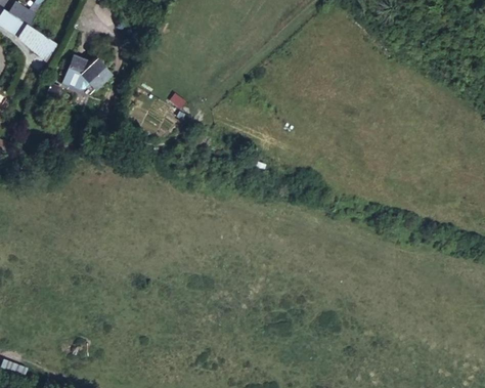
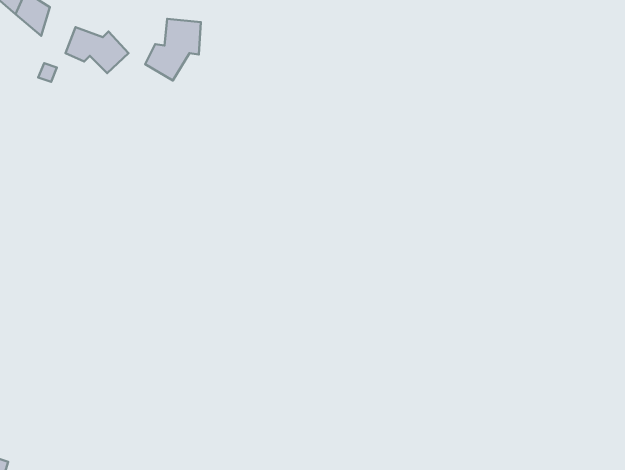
building: none -> [145,19,201,80]

